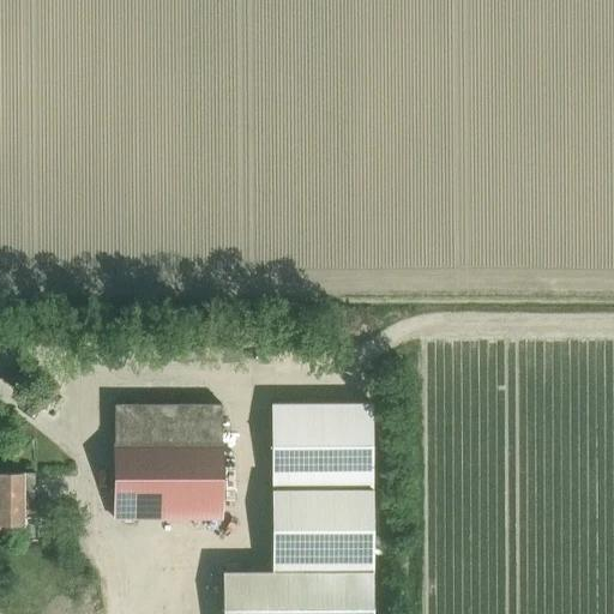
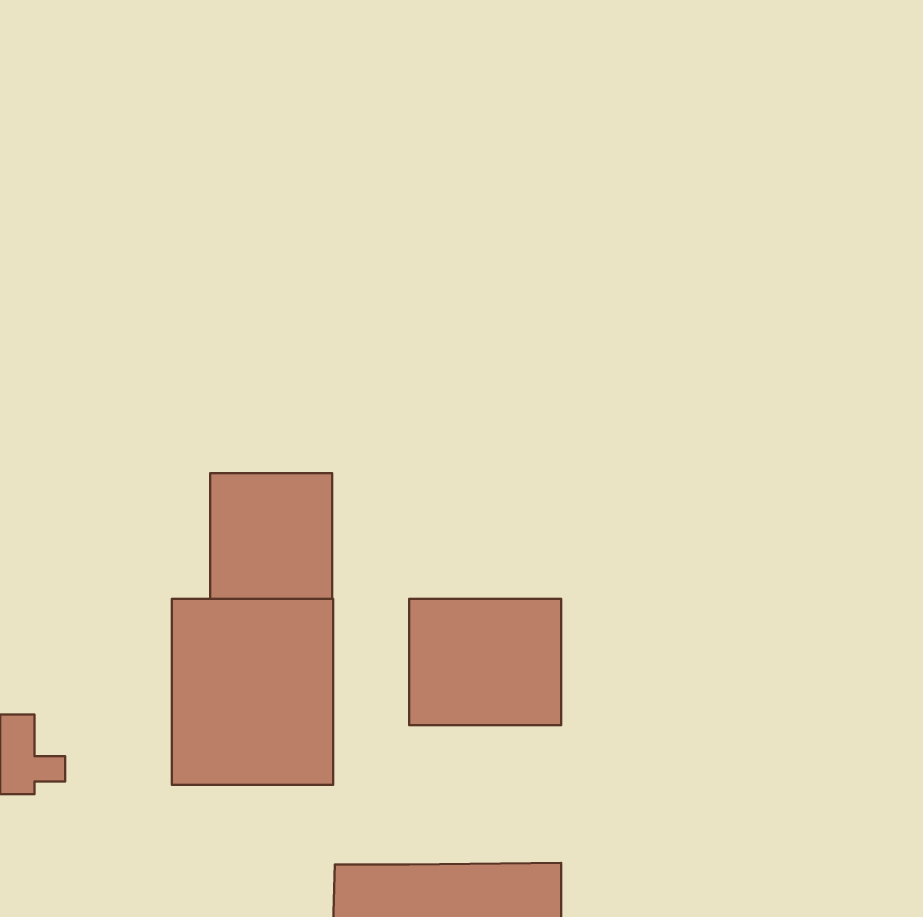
building: none -> [210,473,332,599]
building: [272,486,373,578] -> none

